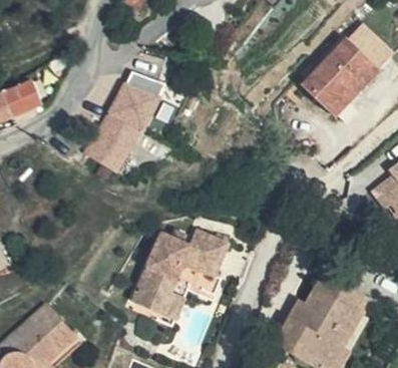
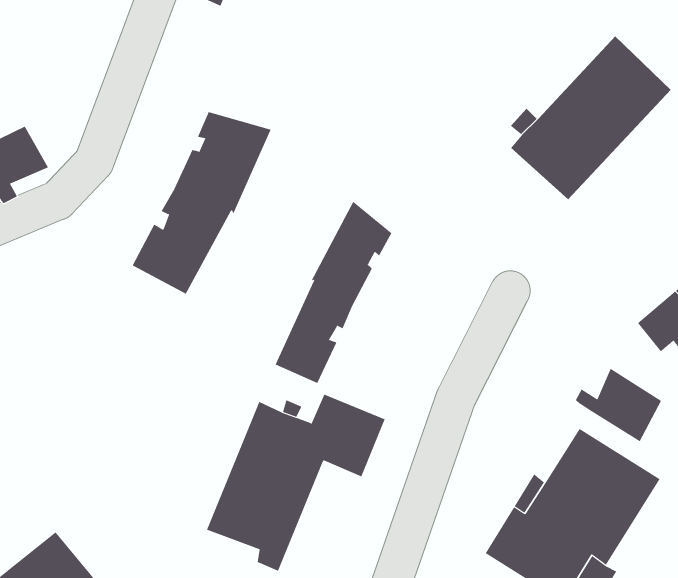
building: none -> [275,201,392,384]
building: none -> [575,368,662,442]

